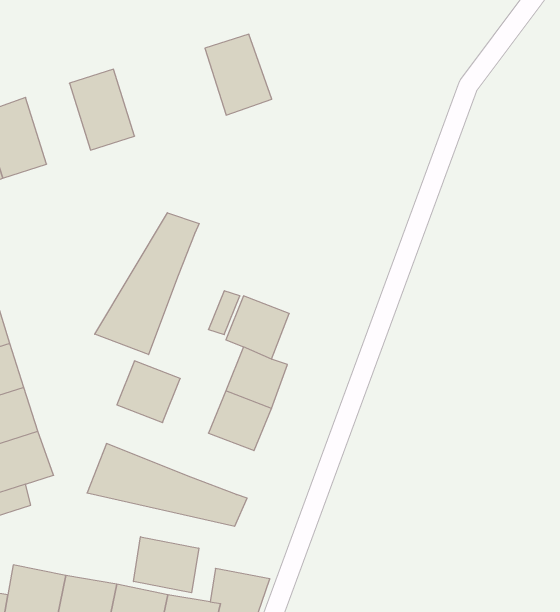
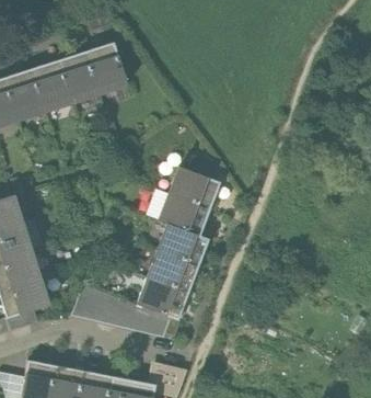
building: [205,34,272,115] -> [90,42,131,92]
building: none -> [35,59,76,110]
building: [95,213,199,355] -> none
building: none -> [171,167,209,203]
building: [117,361,180,423] -> [138,277,177,316]
building: [134,537,199,593] -> none

